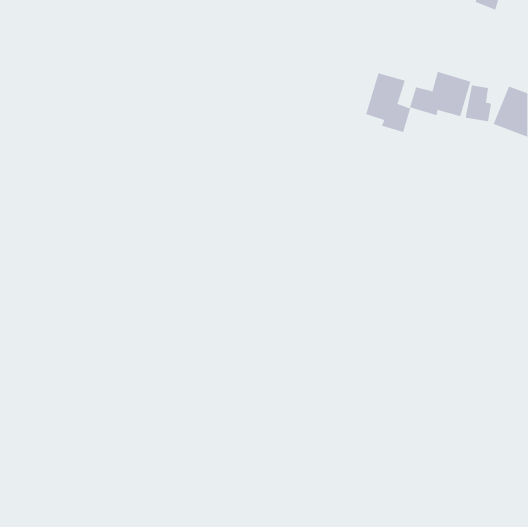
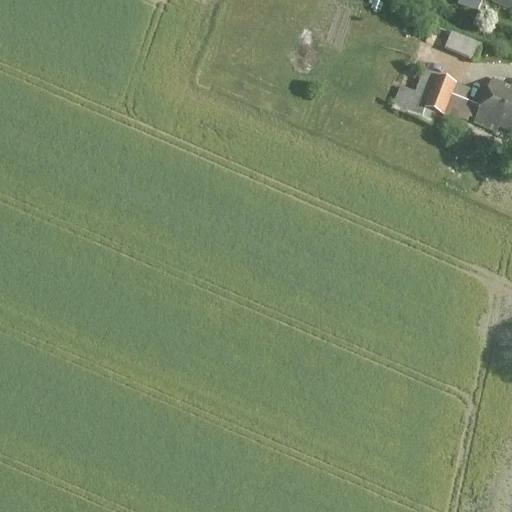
building: none -> [447,29,478,56]
building: [366,72,411,133] -> none

